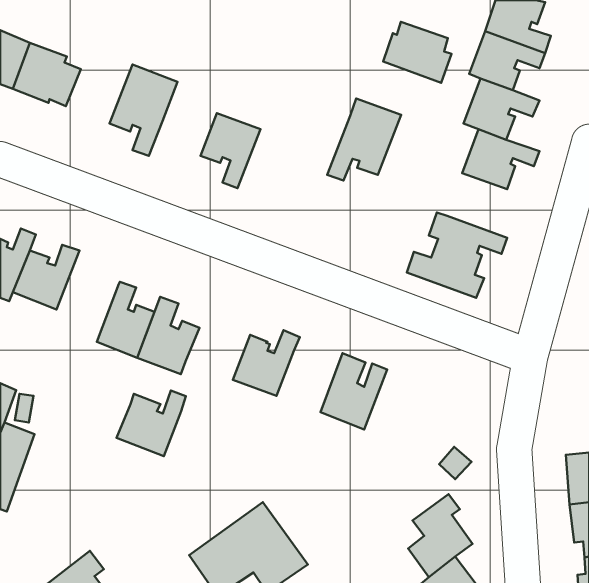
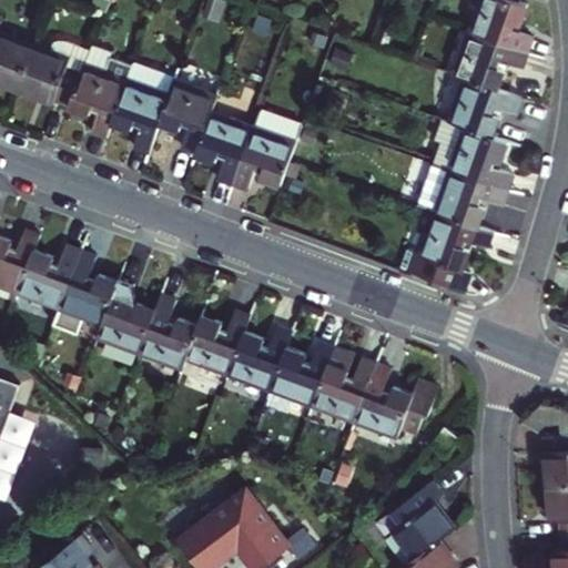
building: [383,22,452,83] -> none
building: none -> [63,52,128,141]
building: none -> [156,67,222,156]
building: [327,99,401,181] -> [229,114,300,193]
building: none -> [430,173,494,235]
building: none -> [54,247,114,321]
building: none -> [266,341,329,403]
building: none -> [351,362,435,440]
building: [117,390,186,456] -> [179,308,245,372]

